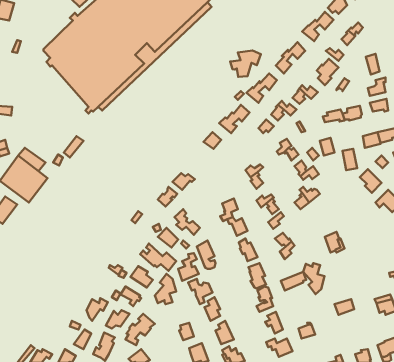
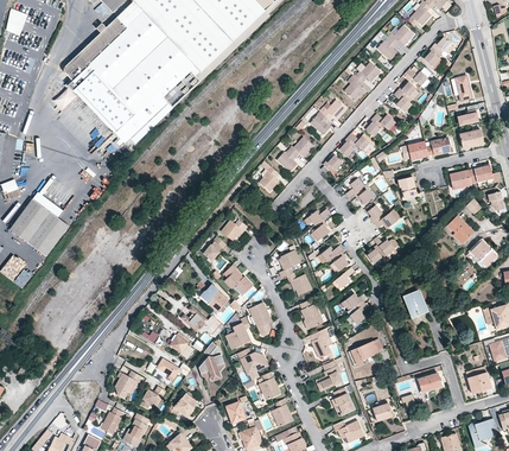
building: [230,51,261,77] -> none
building: [303,263,324,294] -> none

